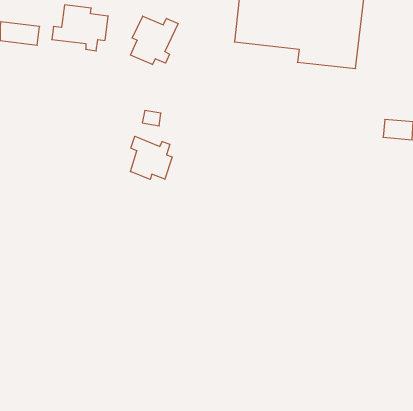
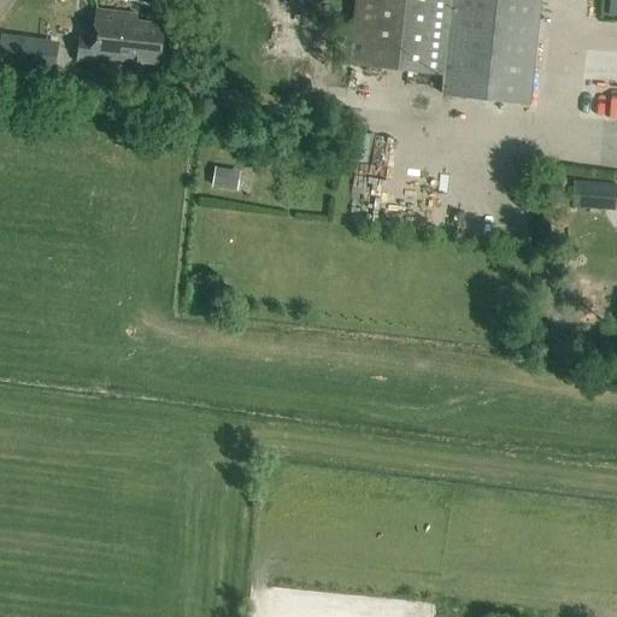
building: [130,16,178,65] -> none
building: [130,136,172,179] -> none

